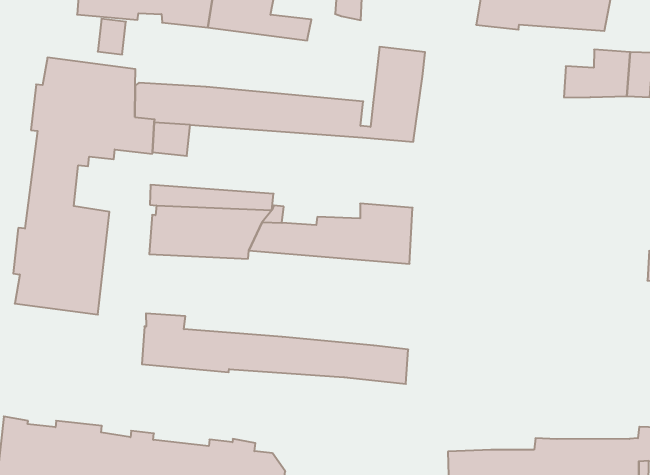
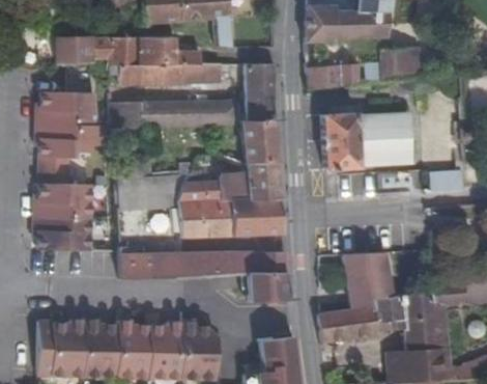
building: none -> [109,62,230,84]
building: none -> [307,62,359,88]
building: none -> [242,120,279,163]
building: none -> [323,113,412,169]
building: none -> [179,197,284,238]
building: none -> [338,251,385,308]
building: none -> [250,273,289,302]

